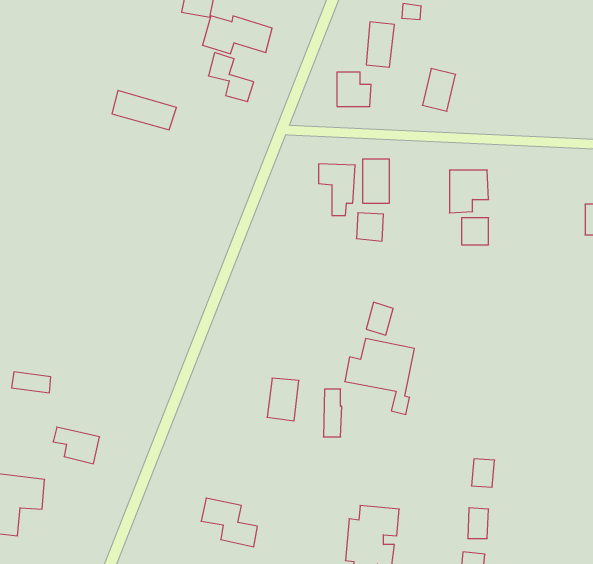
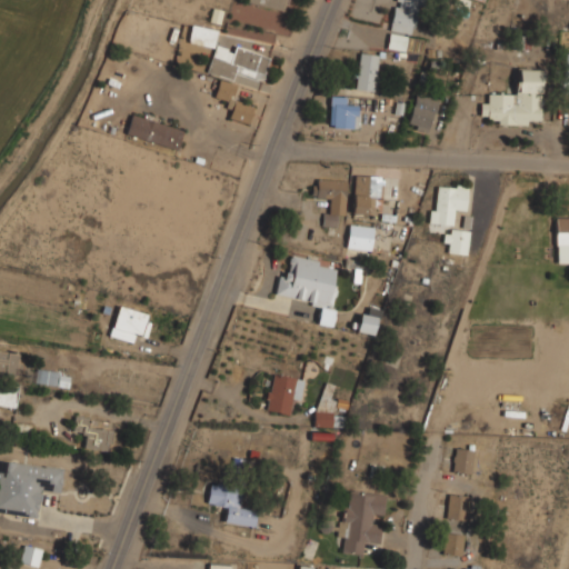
building: none -> [482,70,543,126]
building: none -> [110,305,157,343]
building: [345,339,414,414] -> [277,258,340,327]

